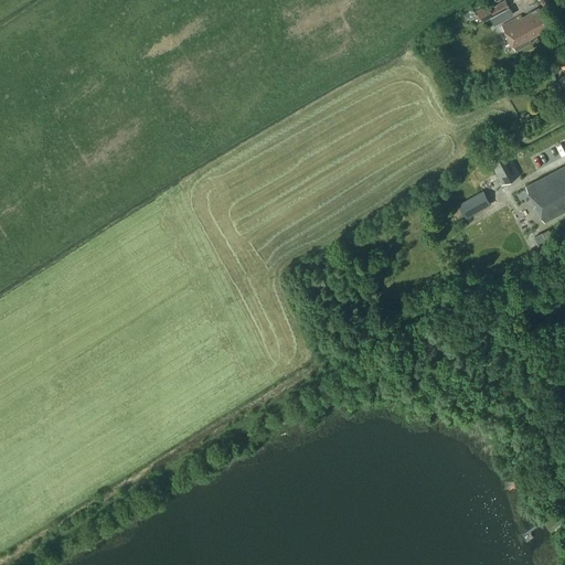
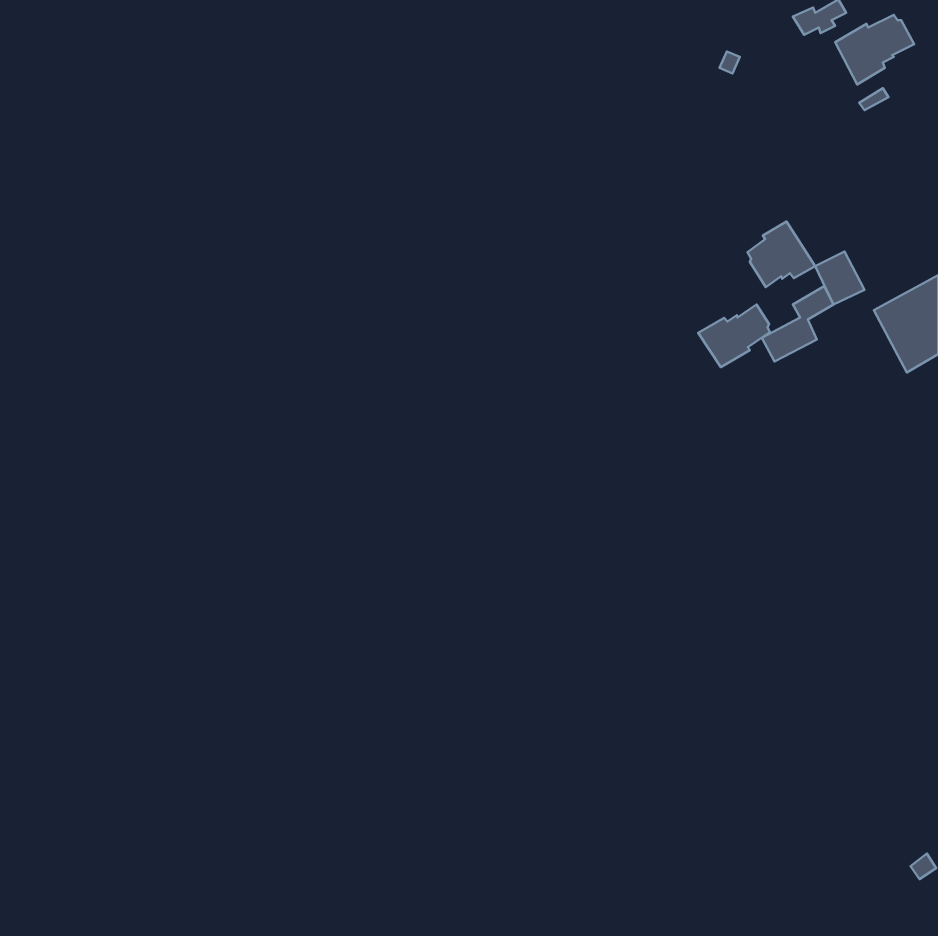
building: none -> [748,221,815,287]
building: none -> [698,305,770,367]

